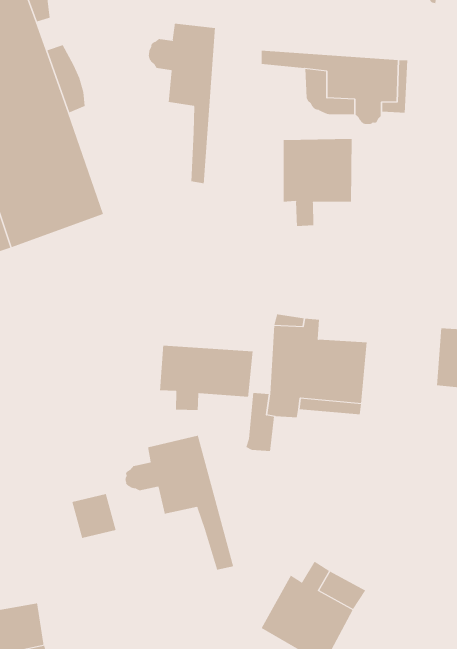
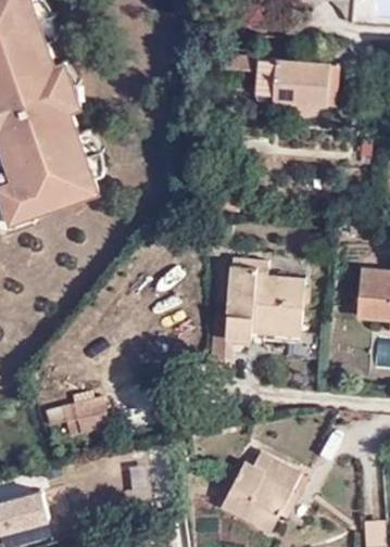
building: [148,23,215,184] -> none
building: [283,138,352,227] -> none
building: [159,345,253,411] -> none
building: [125,435,234,570] -> none

